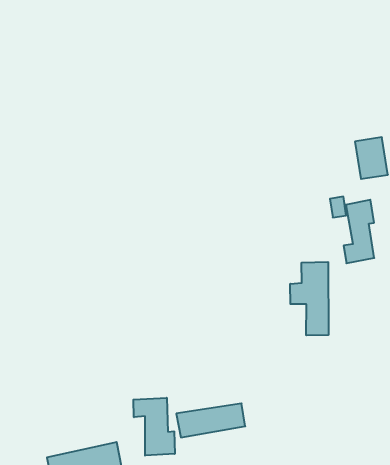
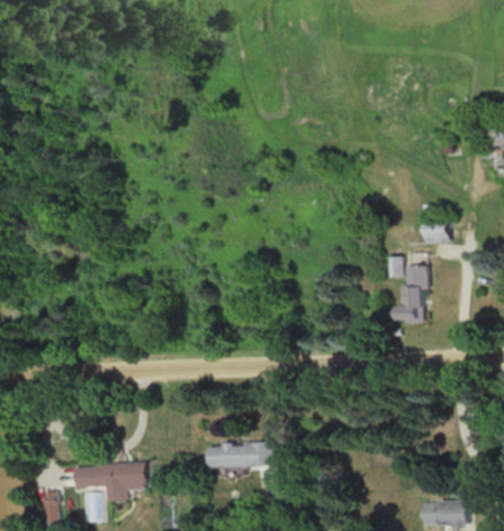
building: [290,262,328,335] -> none
building: [133,398,175,456] -> none

